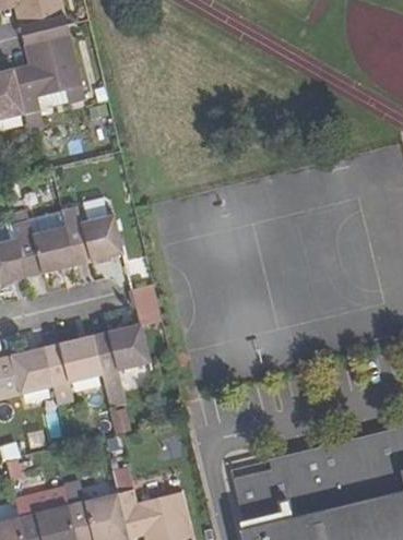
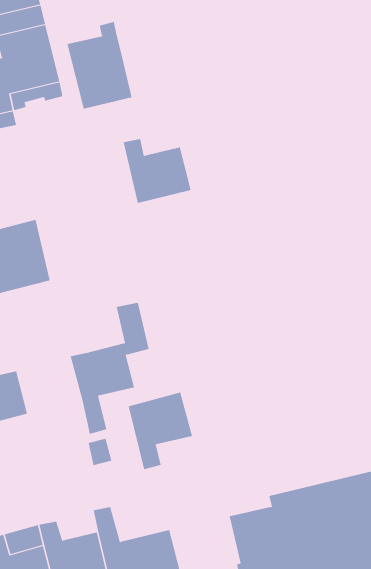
building: none -> [67,21,132,109]
building: [60,206,122,265] -> [123,139,191,204]
building: [43,334,102,405] -> [128,392,193,470]

